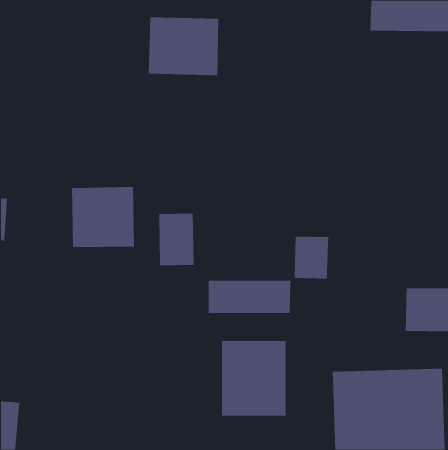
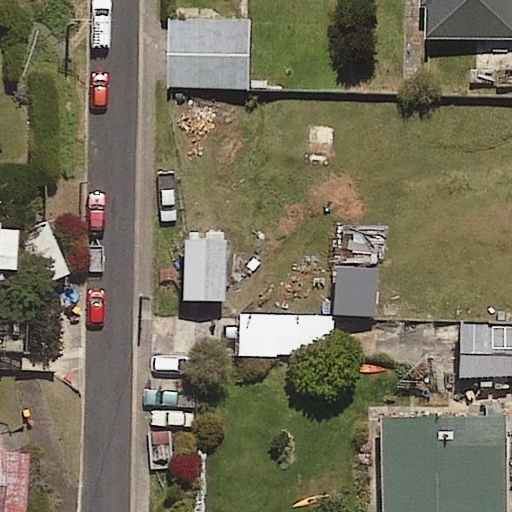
building: [71,186,135,248] -> none
building: [222,340,286,416] -> none

